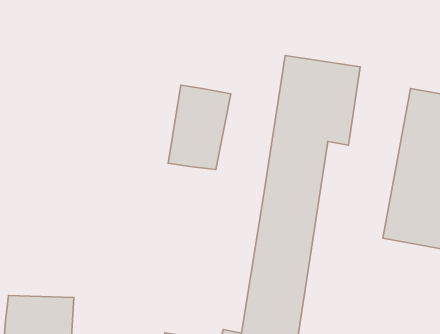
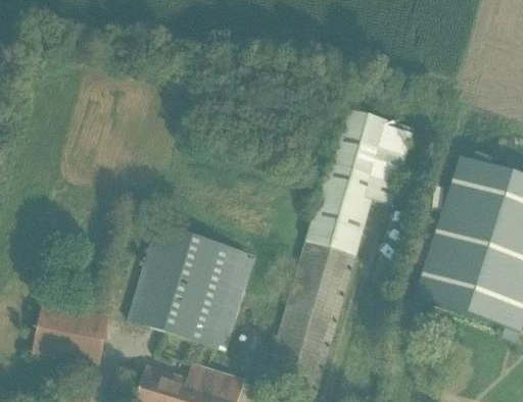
building: [168,85,231,170] -> none
building: none -> [129,221,255,350]

